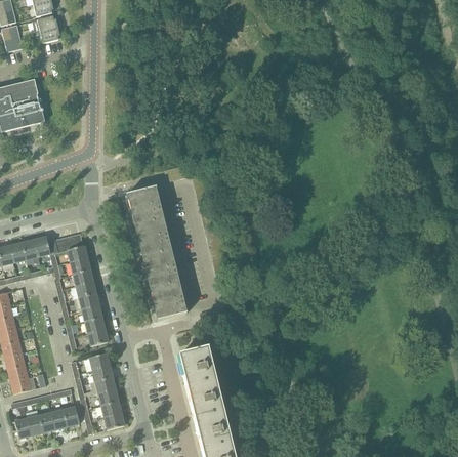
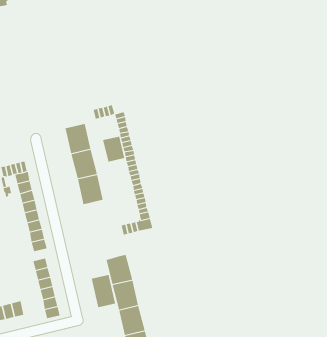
building: none -> [103,136,125,162]
building: [152,281,186,319] -> none
building: none -> [91,274,117,309]

